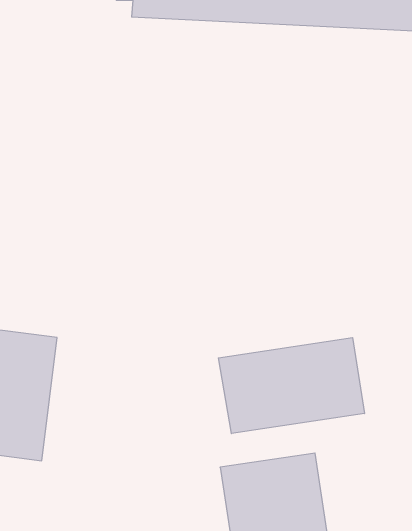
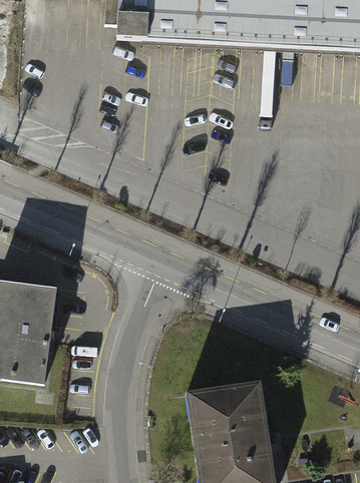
building: [218,338,364,434] -> none

